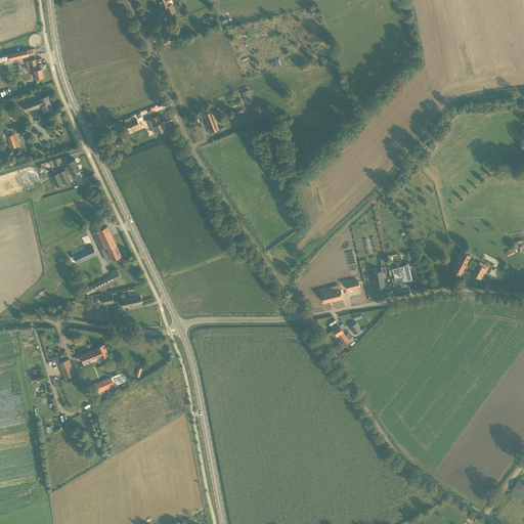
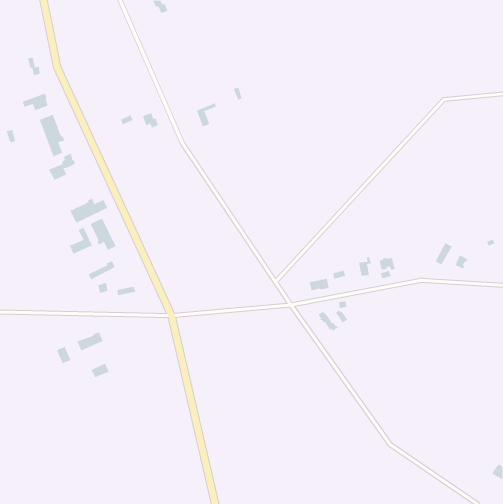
building: none -> [39,114,65,157]
building: none -> [69,198,108,224]

